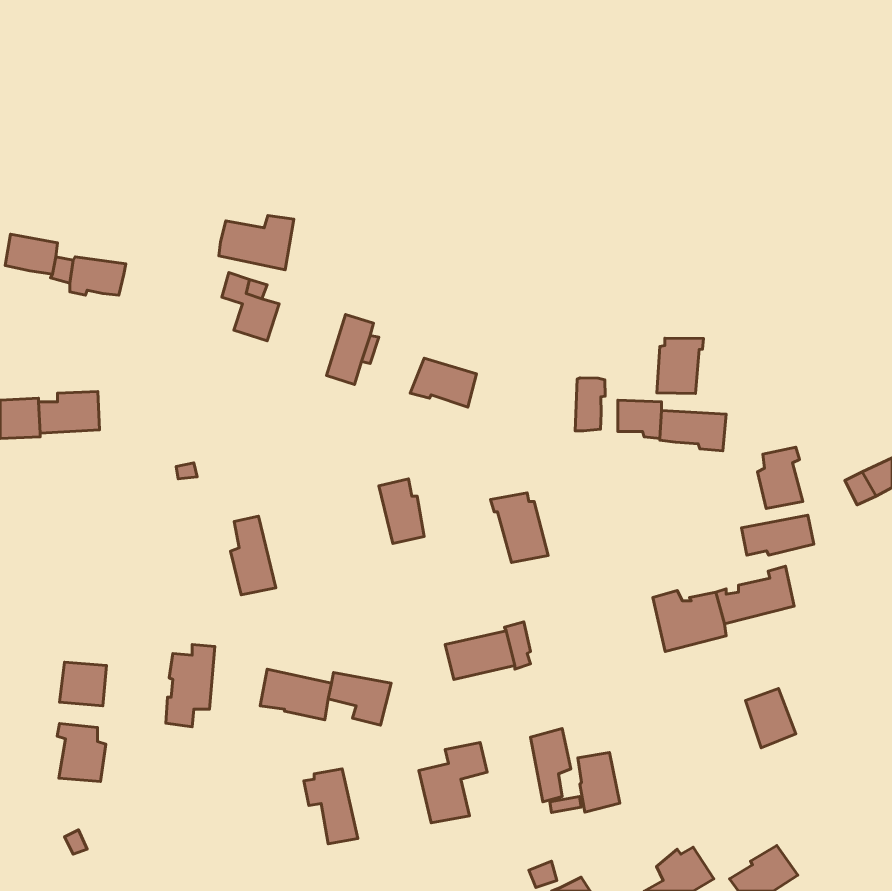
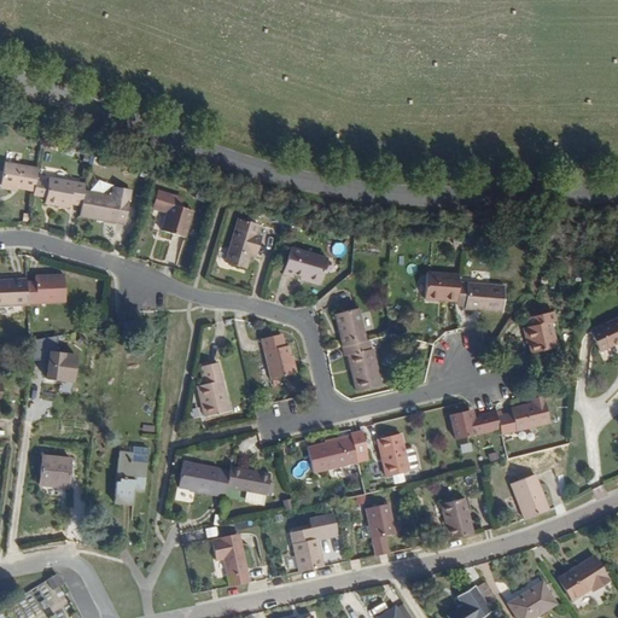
building: [219,216,294,270] -> [81,186,133,223]
building: [657,338,704,393] -> none
building: [575,378,605,431] -> none
building: none -> [334,307,365,345]
building: none -> [46,350,76,380]
building: [741,515,814,555] -> none
building: [231,516,276,595] -> [197,358,228,413]
building: none -> [379,431,420,474]
building: [57,724,106,782] -> none
building: [578,753,620,812] -> [444,497,473,538]
building: none -> [553,558,602,601]

